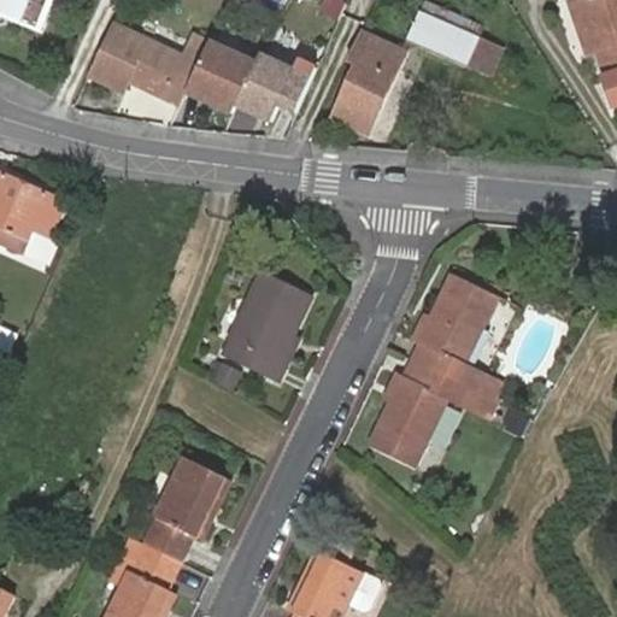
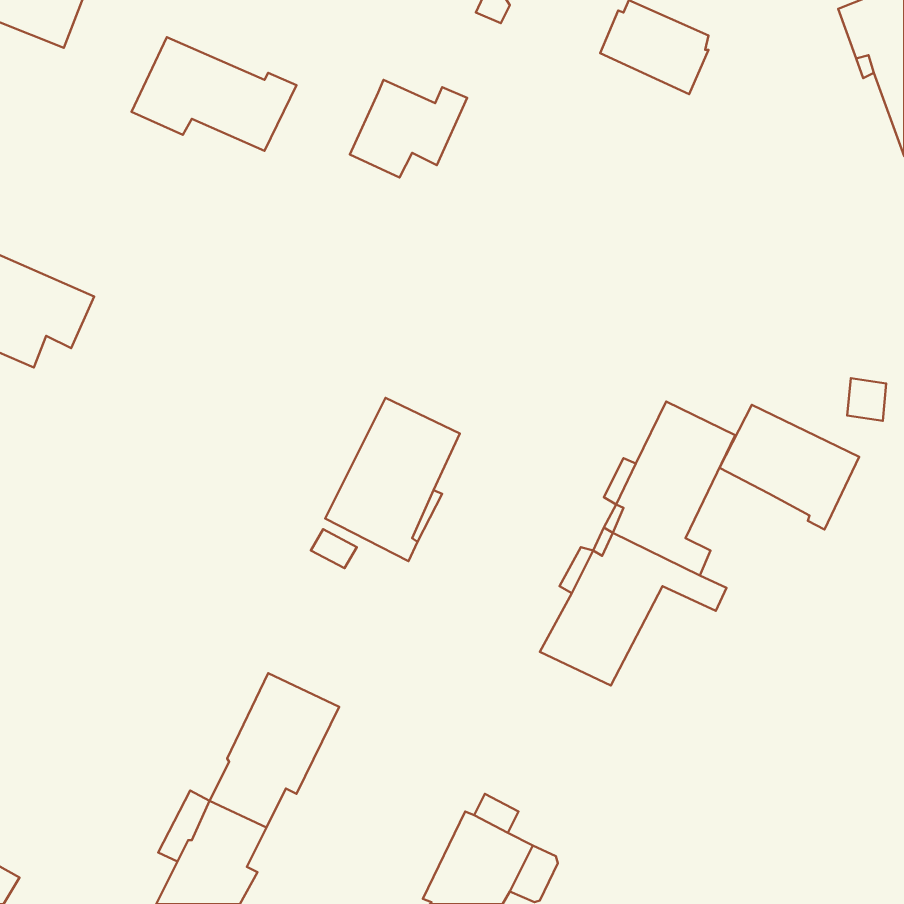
building: [325,34,400,133] -> none
building: [186,41,257,113] -> none
building: none -> [719,405,859,530]

